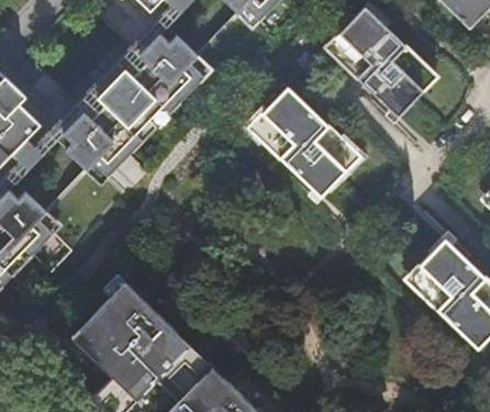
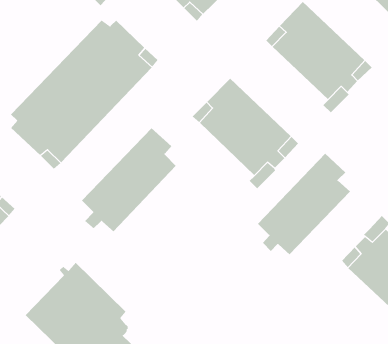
building: none -> [81,127,177,232]
building: none -> [257,153,351,255]

